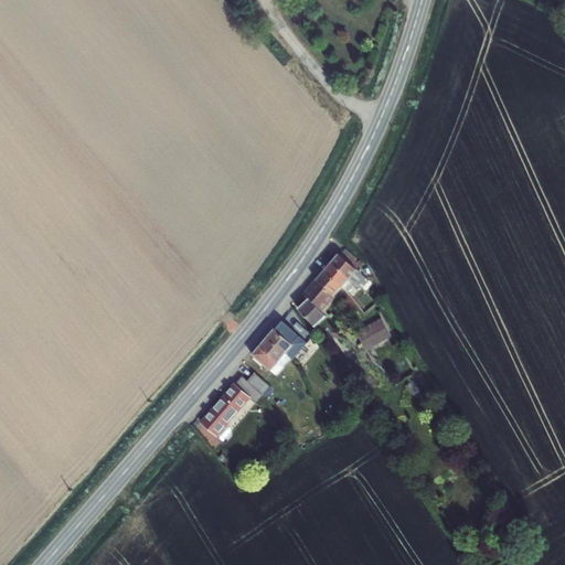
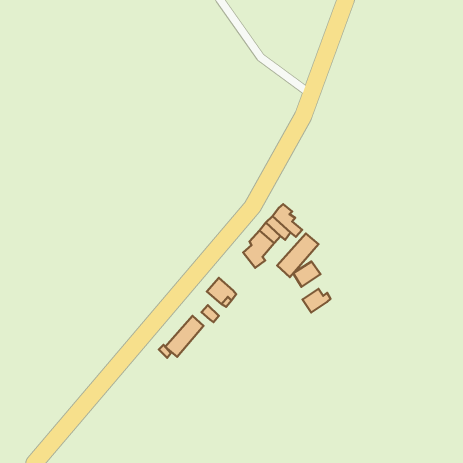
building: none -> [277,234,319,277]
building: [266,326,299,358] -> none
building: none -> [303,289,330,313]

